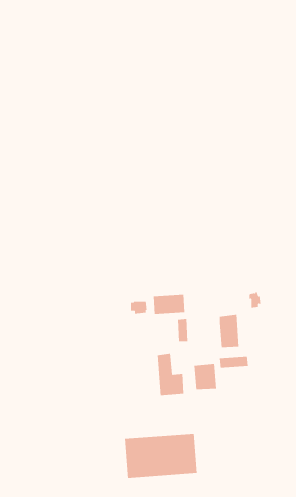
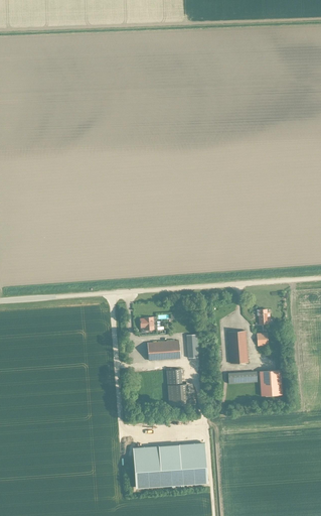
building: [153,294,185,315] -> [147,339,179,359]
building: [194,363,217,390] -> [259,368,282,394]

